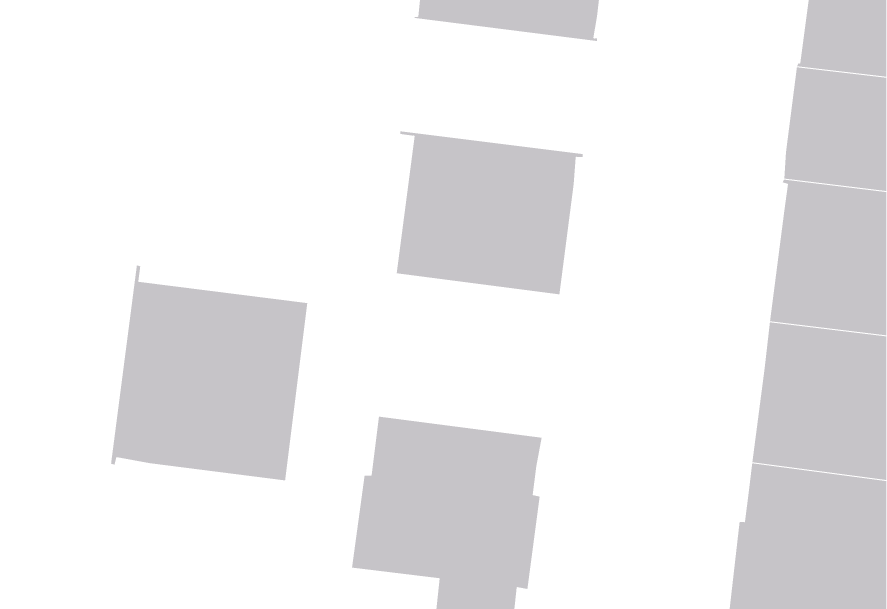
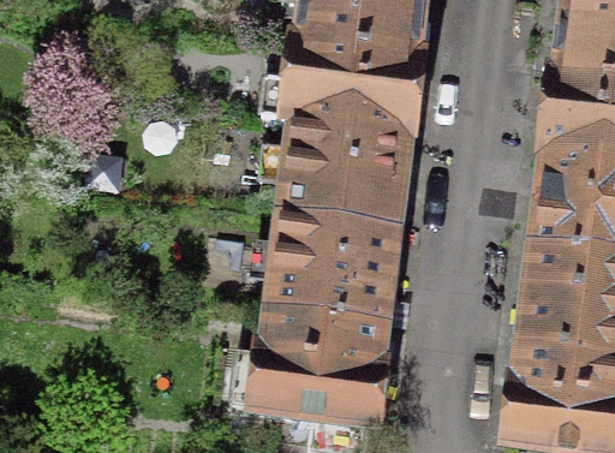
building: none -> [286,37,419,129]
building: [111,265,308,481] -> none
building: none -> [271,209,394,320]

